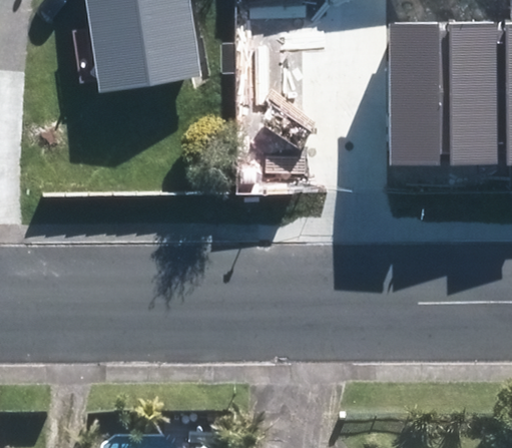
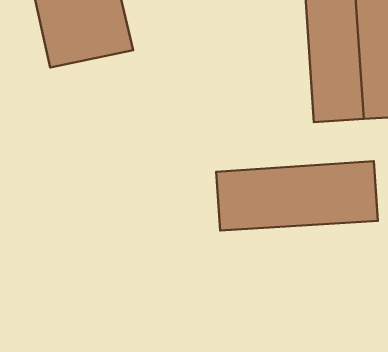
building: none -> [216,161,378,231]

